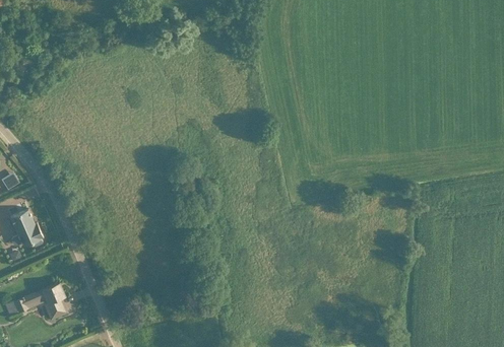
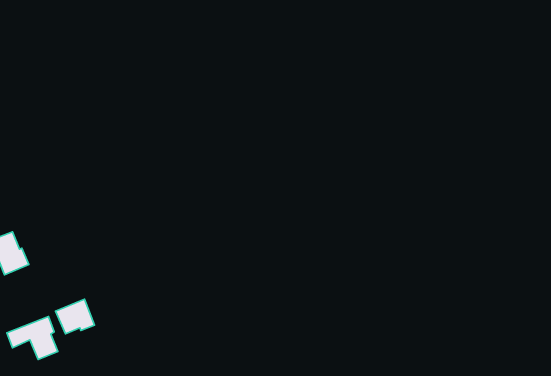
building: none -> [56,299,95,334]

